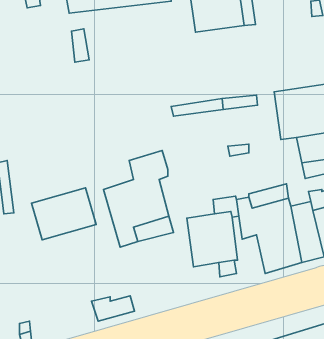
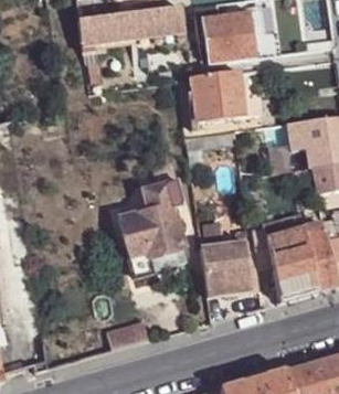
building: none -> [192,70,263,120]
building: [32,188,96,240] -> none

